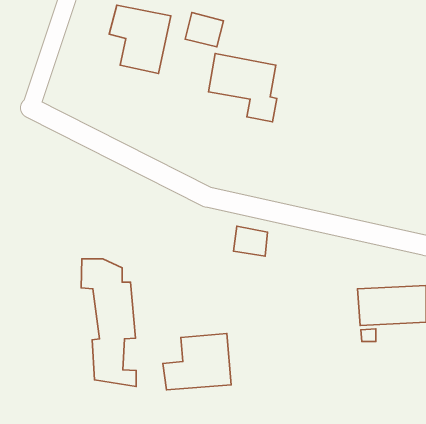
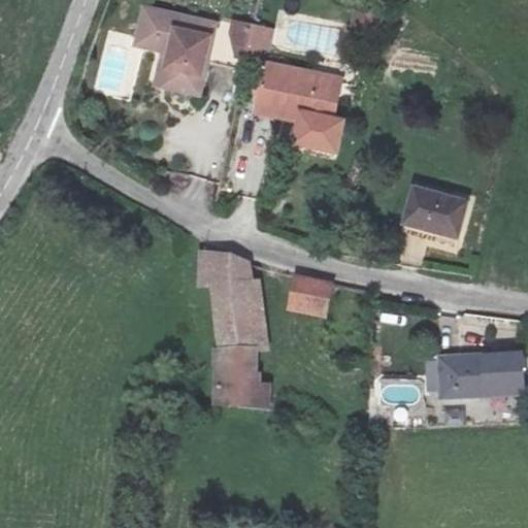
building: none -> [403,186,463,232]
building: [81,259,136,386] -> [198,250,266,407]
building: [163,333,231,390] -> none

